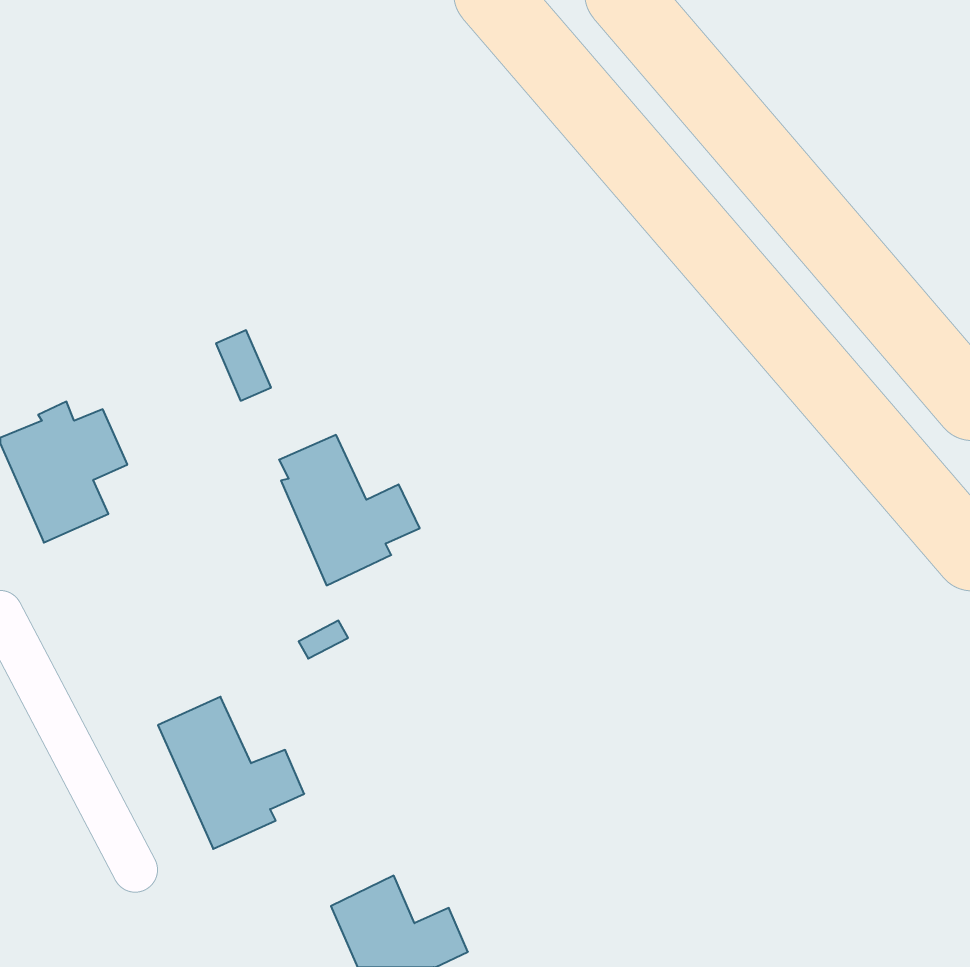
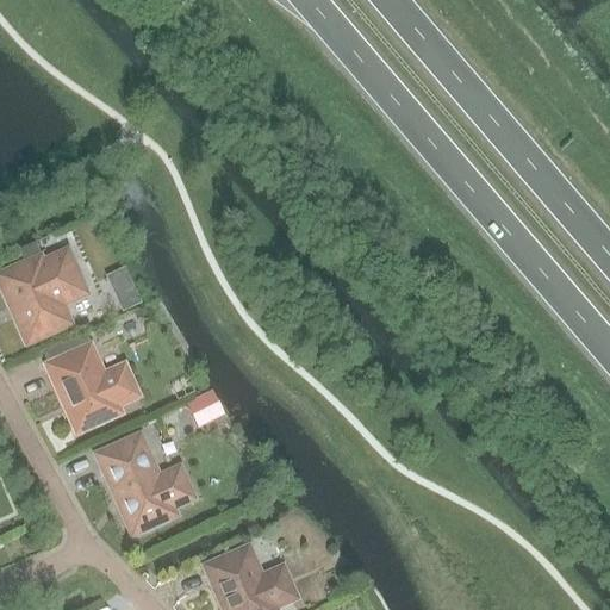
building: [216,330,271,401] -> [108,263,143,307]
building: [279,435,420,585] -> [49,336,137,430]

